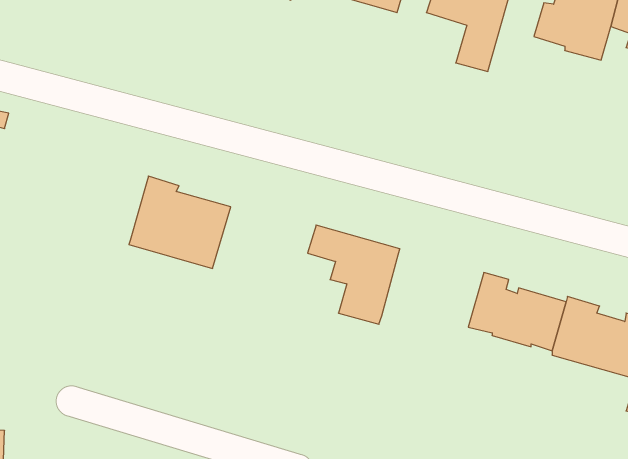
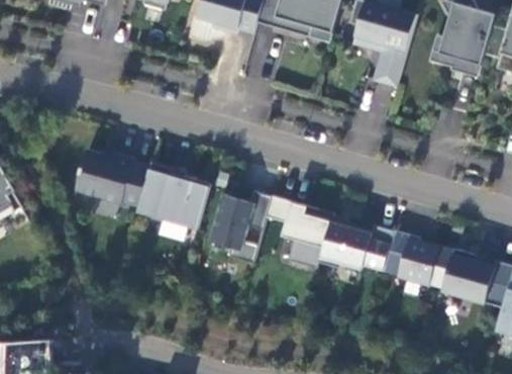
building: none -> [74,151,149,208]
building: none -> [209,191,272,264]
building: none -> [319,221,393,271]

